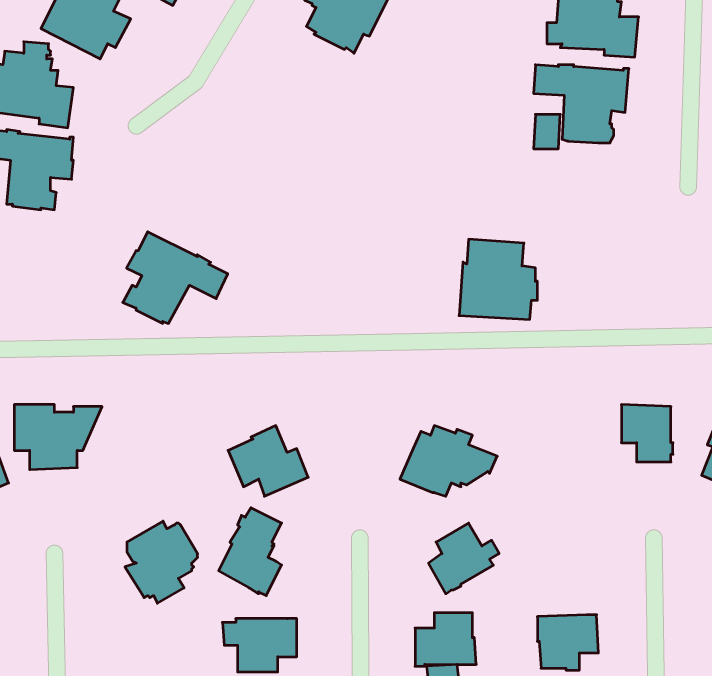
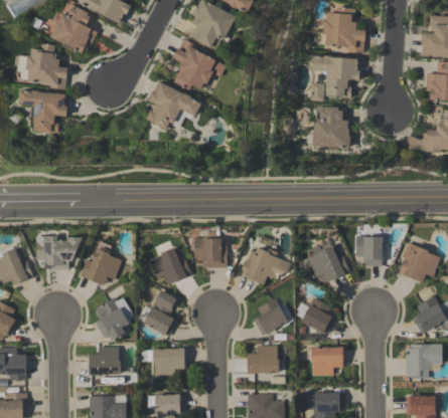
building: none -> [173,39,227,90]
building: [123,232,228,323] -> [145,81,200,130]
building: [459,239,537,319] -> [312,107,353,149]
building: none -> [194,231,228,267]
building: none -> [308,239,350,281]
building: none -> [81,240,122,284]
building: none -> [301,297,336,333]
building: none -> [89,346,121,374]

